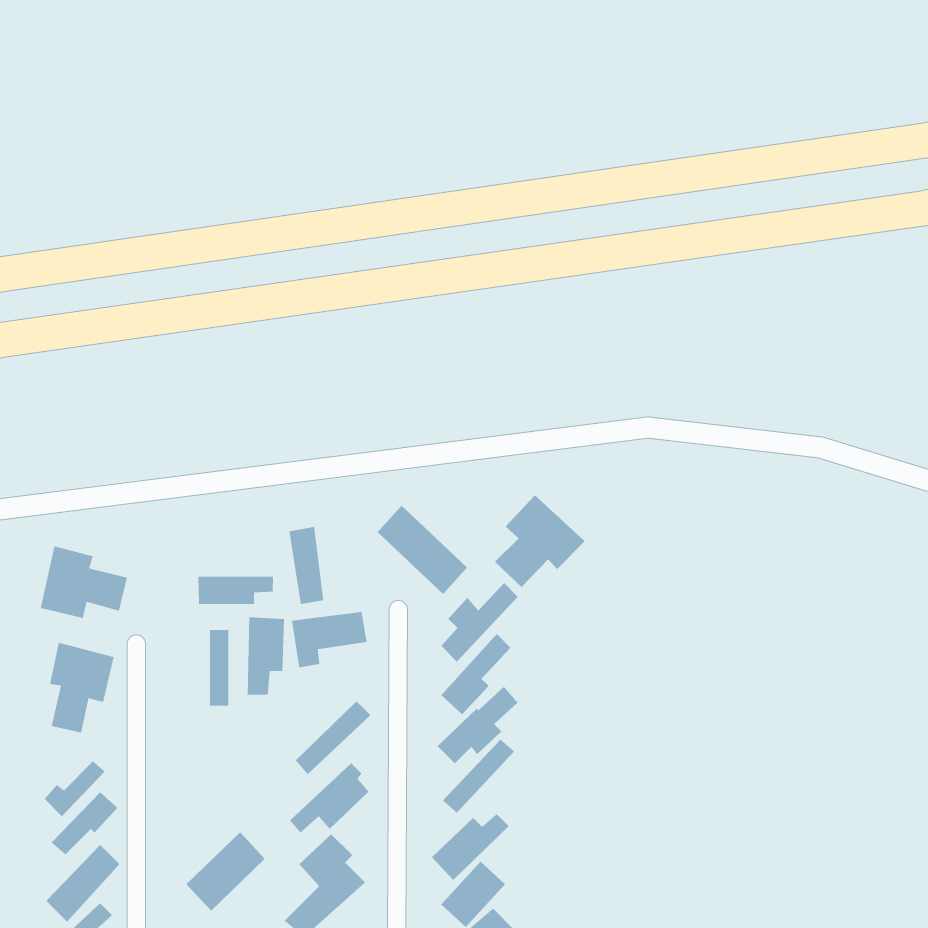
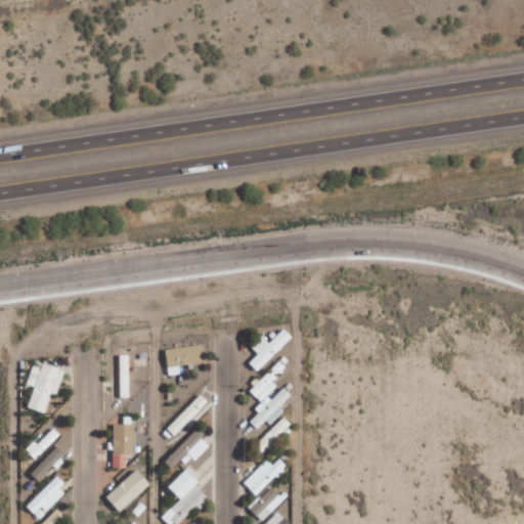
building: [494,495,586,588] -> none
building: [377,505,468,595] -> none
building: [289,526,324,605] -> none
building: [40,546,127,619] -> none
building: [198,576,274,605] -> none
building: [247,617,285,695] -> [113,425,134,469]

